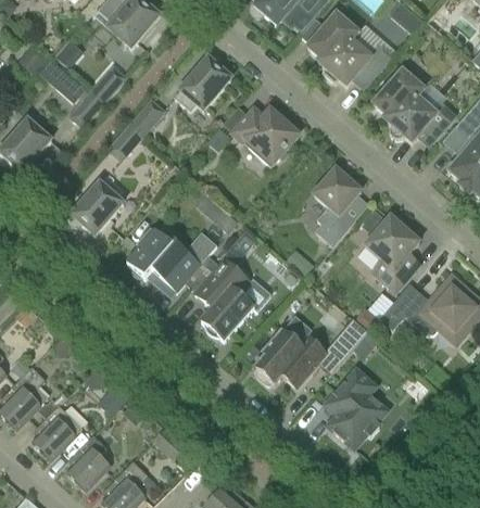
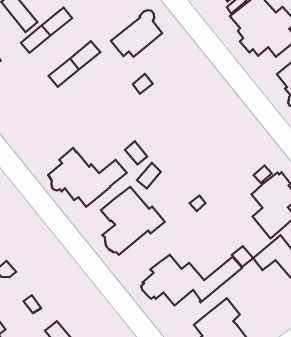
building: [232,109,296,166] -> none
building: [313,166,361,246] -> none
building: [67,175,123,234] -> none

